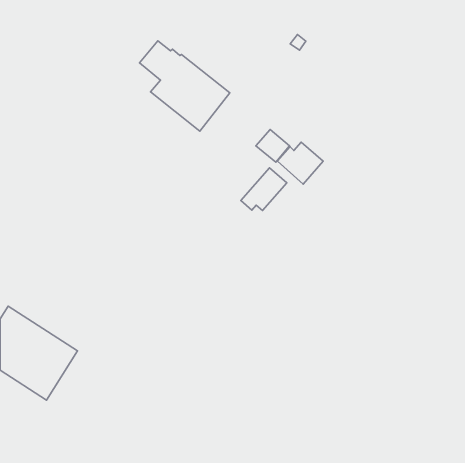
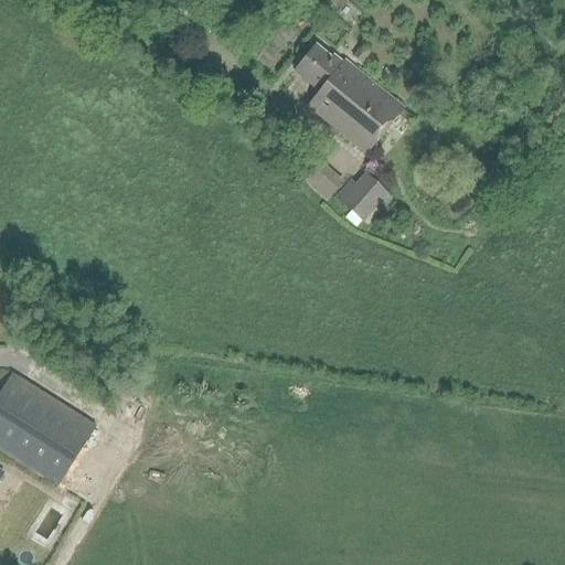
building: [140,41,230,131] -> [294,42,403,151]
building: [241,168,287,211] -> none

